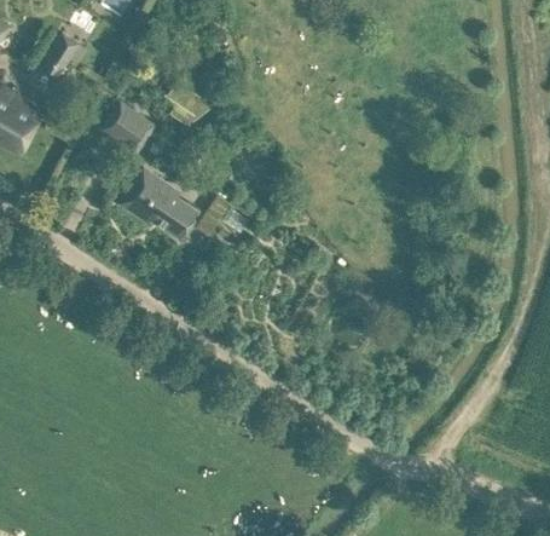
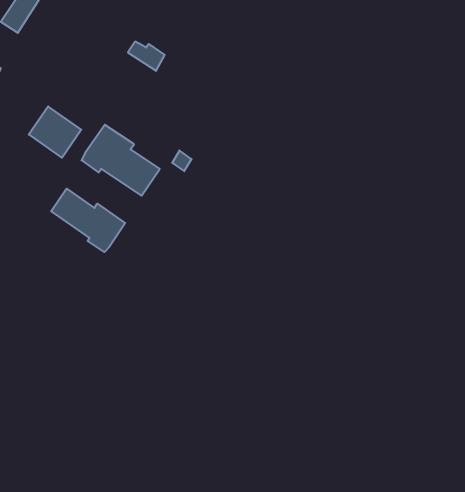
building: [102,102,154,152] -> [29,106,81,158]
building: none -> [51,189,125,252]

